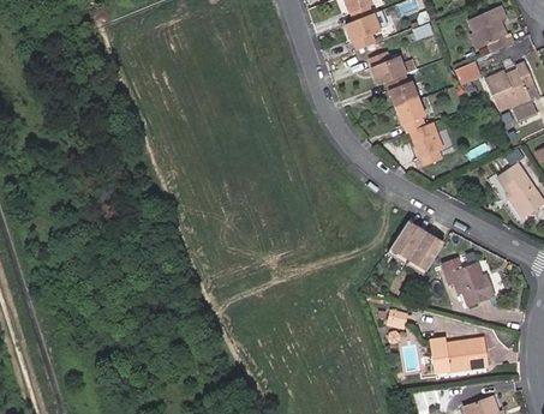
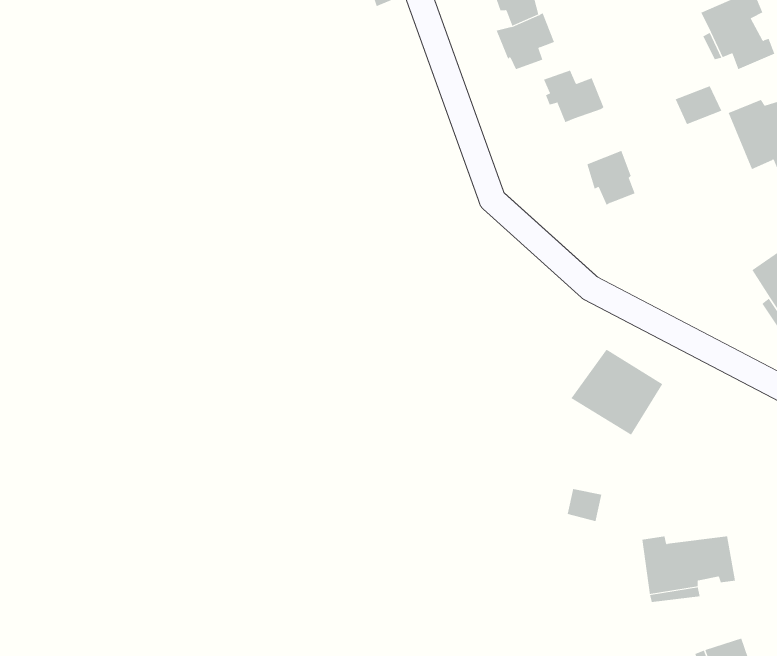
building: [390,76,419,109] -> none
building: [412,125,444,167] -> none
building: [442,260,492,306] -> none

